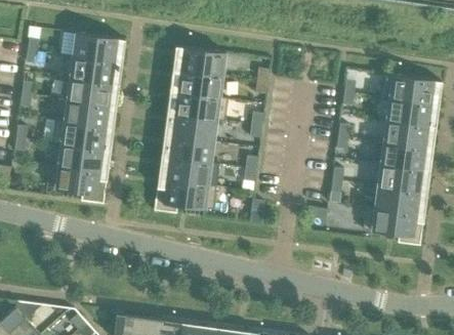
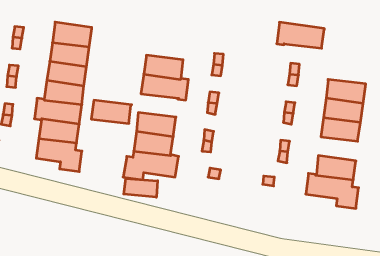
building: [180,46,225,75] -> none
building: [380,73,435,102] -> [277,22,324,48]
building: [171,114,217,140] -> [91,100,132,123]
building: [377,163,422,191] -> none
building: none -> [124,178,158,197]

